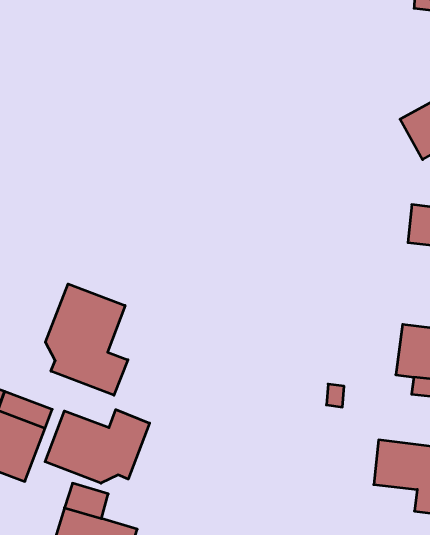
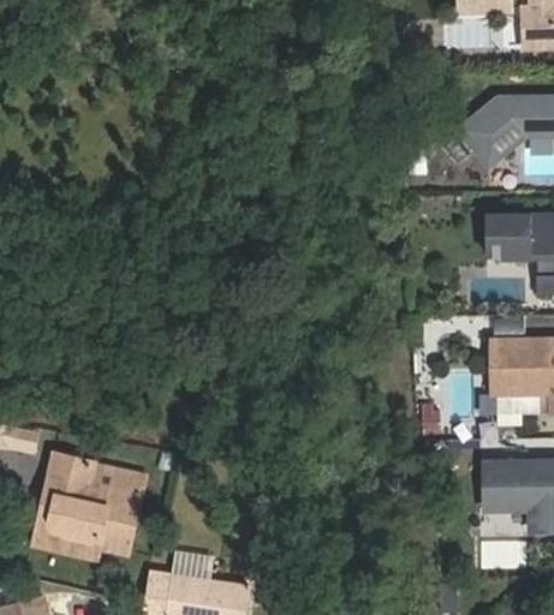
building: [45,284,128,395] -> none
building: [45,410,150,483] -> none

